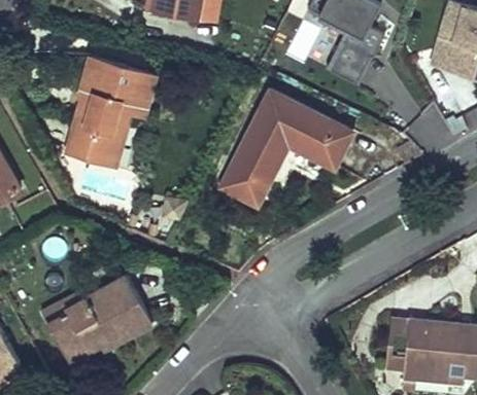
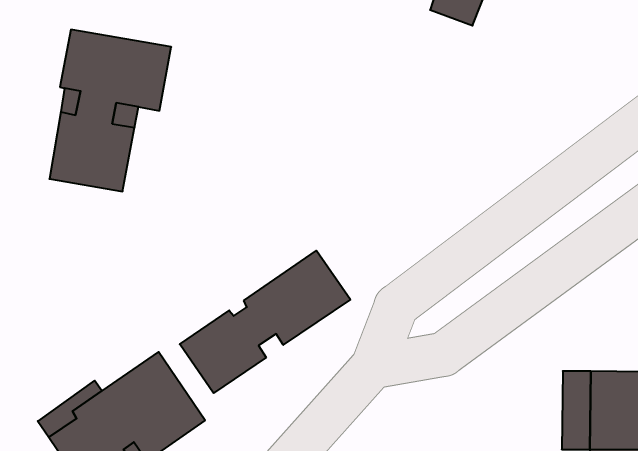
building: [219,92,353,208] -> none
building: none -> [180,251,350,393]

